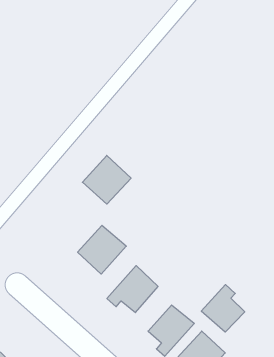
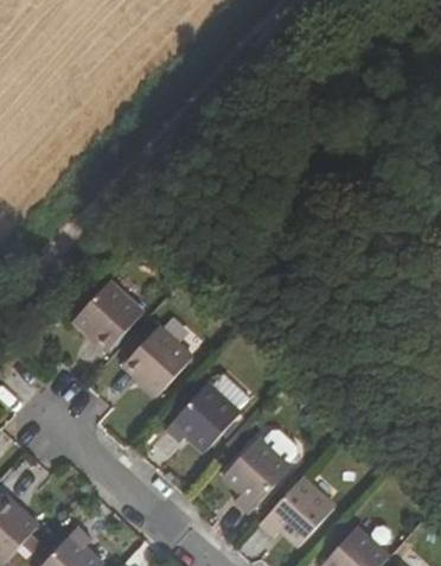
building: [82,155,131,204] -> [75,281,143,350]
building: [201,285,245,332] -> none

